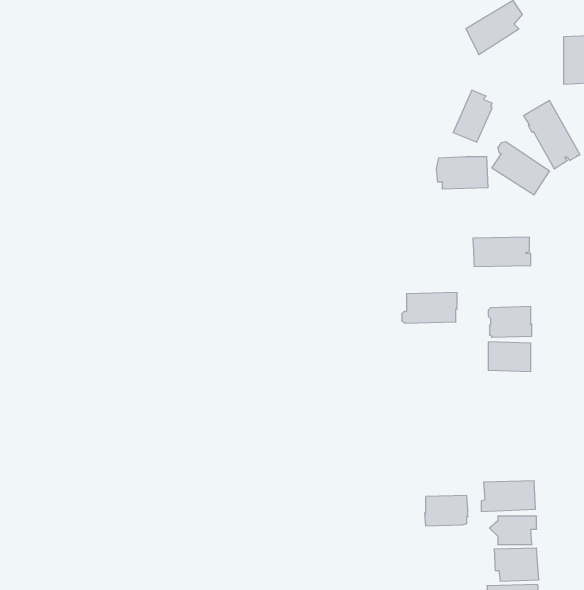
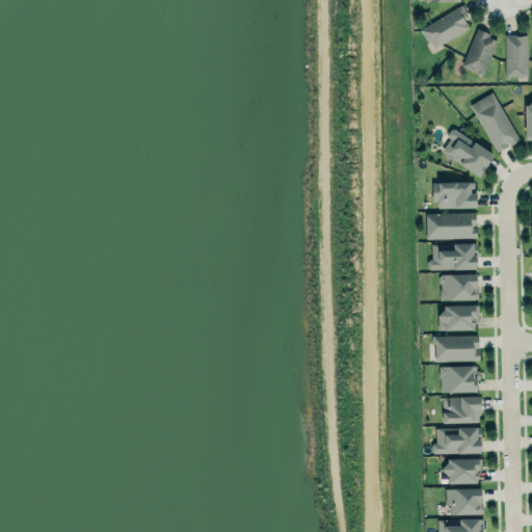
building: [453,90,492,142] -> [462,29,497,75]
building: [436,157,488,189] -> [431,182,477,210]
building: [402,292,457,323] -> [428,243,477,270]
building: none -> [432,337,480,362]
building: none -> [441,367,479,393]
building: [424,495,468,526] -> [442,397,480,424]

